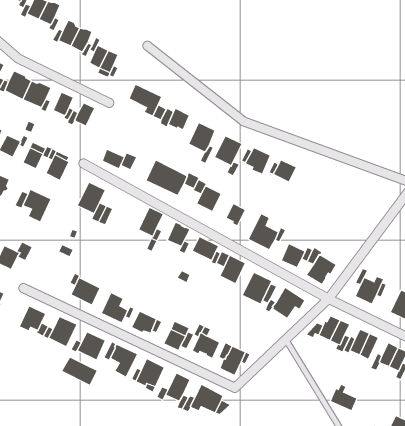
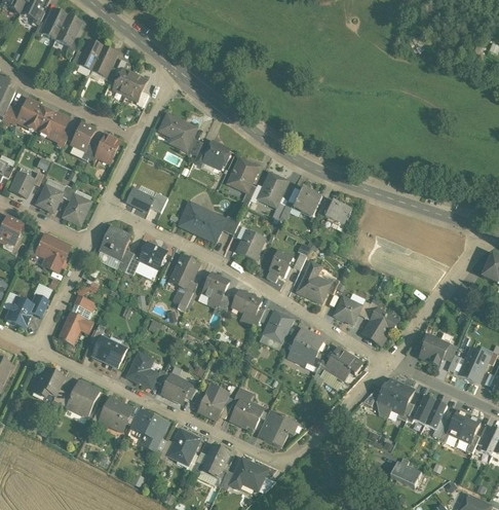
building: none -> [139,242,165,267]
building: none -> [56,313,91,345]
building: [62,357,97,386] -> none

